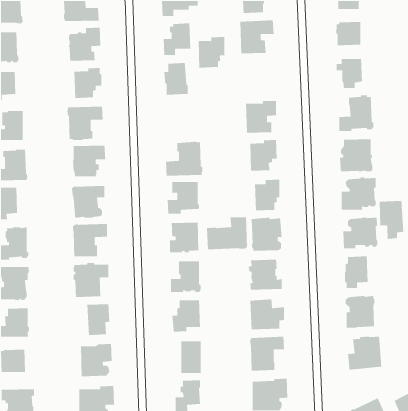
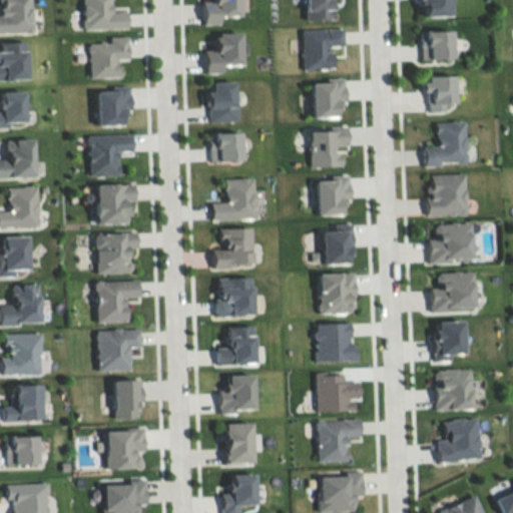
building: [198,36,225,68] -> [313,77,347,117]
building: none -> [211,131,243,161]
building: [379,200,404,240] -> none
building: [206,216,248,250] -> none

